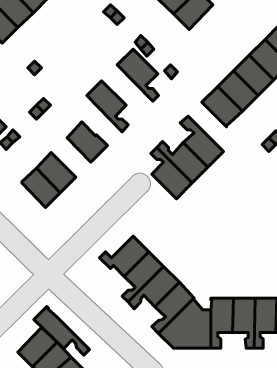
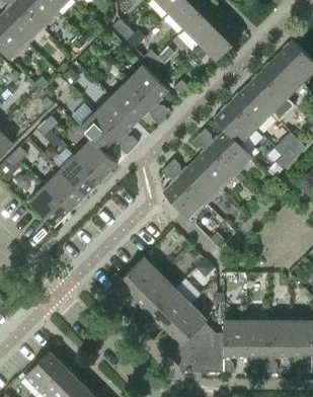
building: none -> [201,19,241,61]
building: none -> [110,81,163,125]
building: none -> [79,112,132,155]
building: none -> [200,129,251,170]
building: none -> [59,156,99,196]
building: [34,307,90,355] -> none

